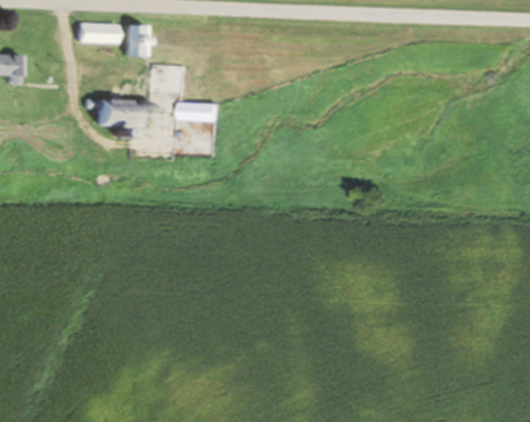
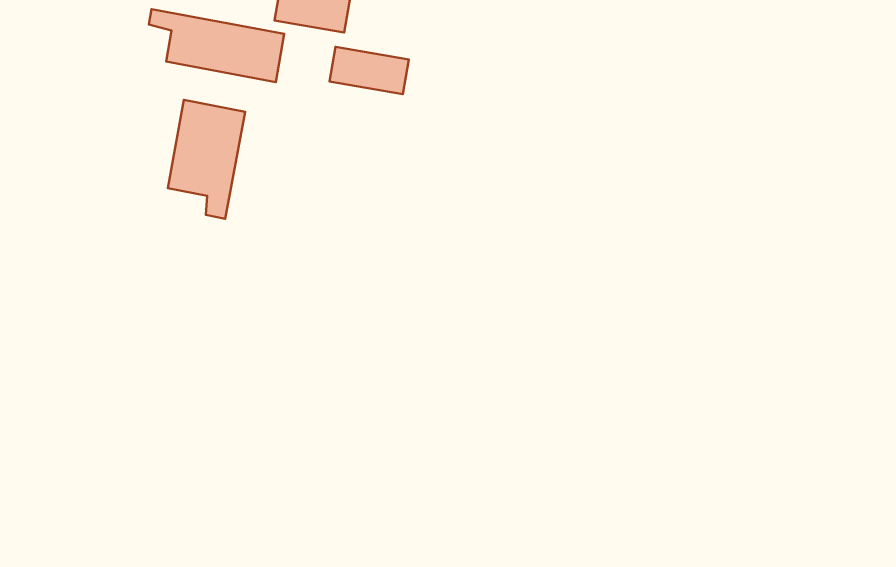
building: none -> [168,100,245,219]

